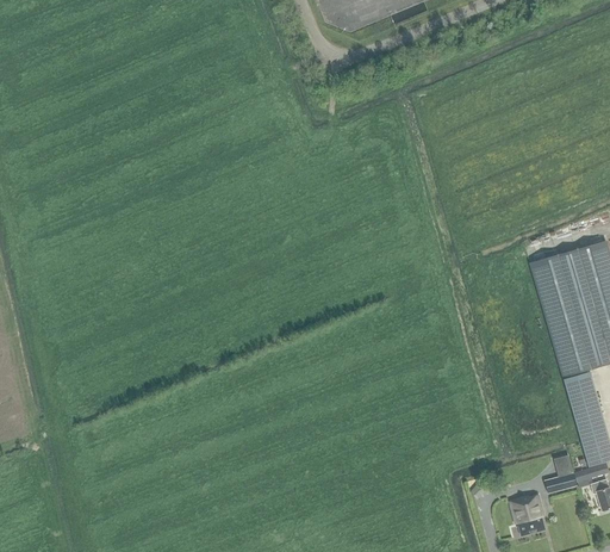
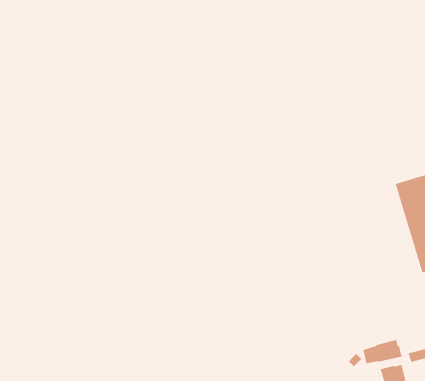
building: none -> [363,339,402,364]

